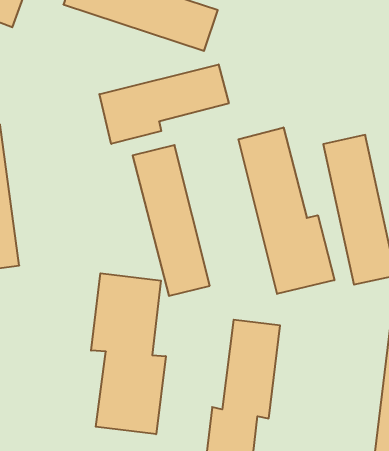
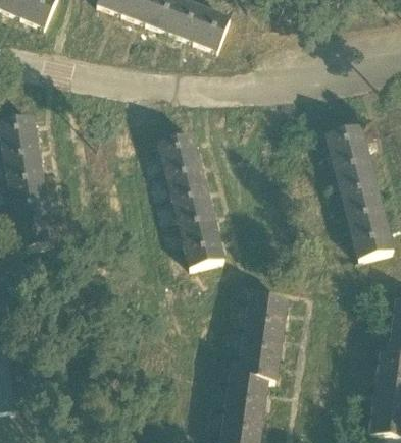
building: [99,64,229,144] -> none
building: [238,127,334,294] -> none
building: [91,273,166,434] -> none

